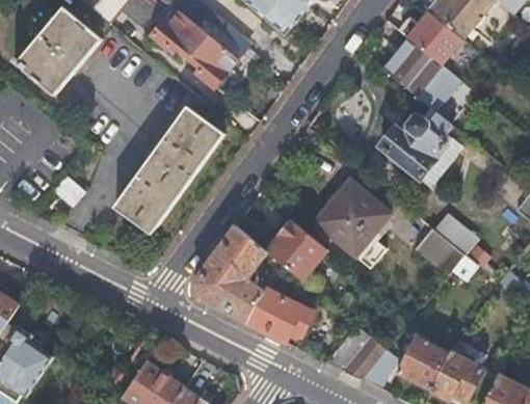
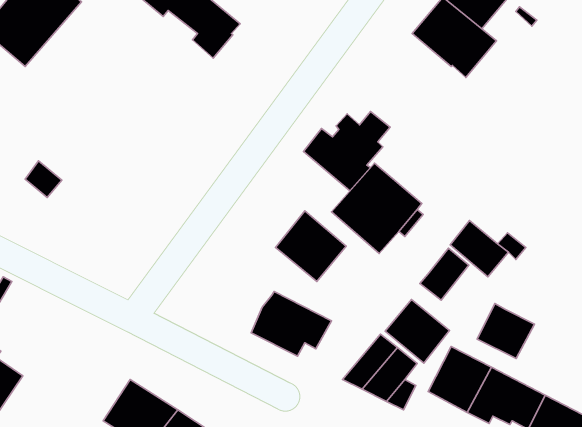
building: [113,107,223,234] -> none
building: [379,111,453,179] -> [303,111,390,191]
building: [193,223,267,322] -> none
building: none -> [420,248,469,300]
building: none -> [385,300,449,363]
building: none -> [477,304,534,359]

